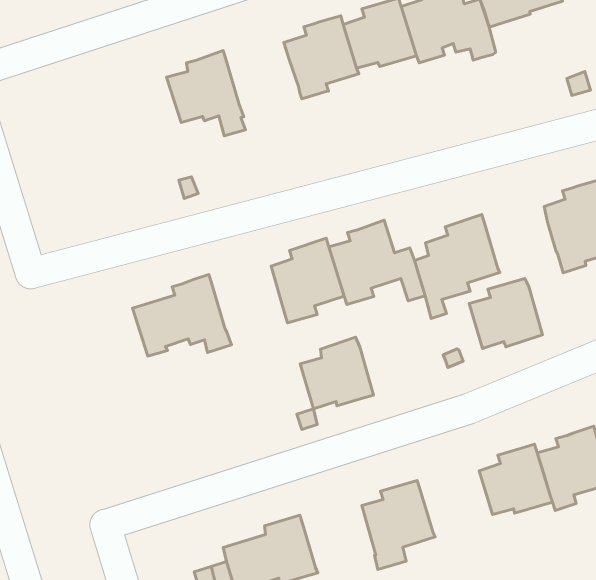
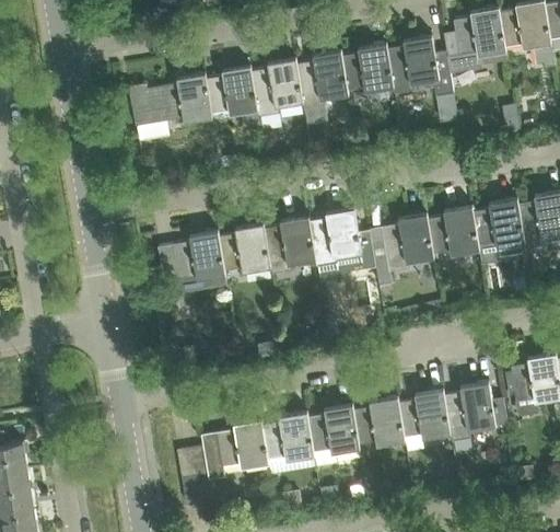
building: none -> [252,59,303,117]
building: none -> [128,73,213,127]
building: [469,278,543,349] -> [428,207,479,256]
building: [300,337,374,409] -> [219,223,270,273]
building: none -> [353,397,405,447]
building: none -> [262,412,314,461]

